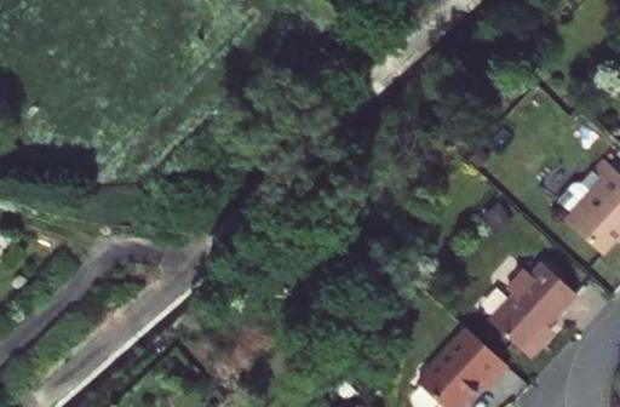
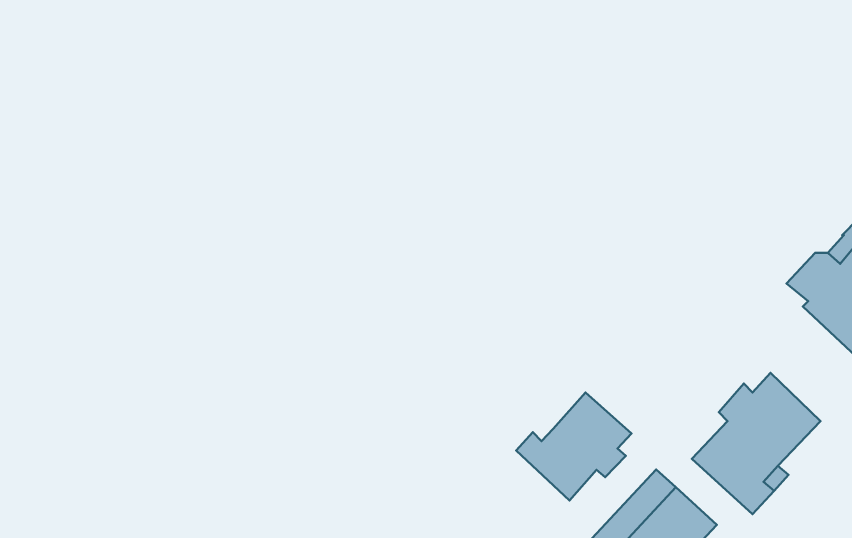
building: none -> [516,392,632,500]

